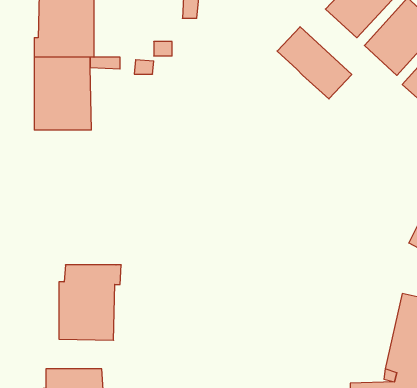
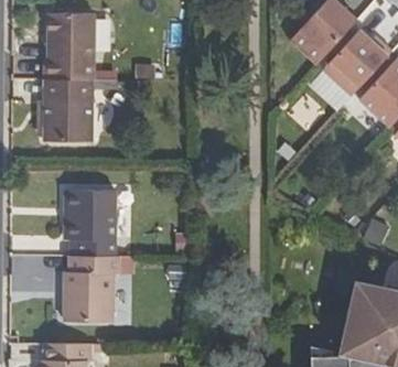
building: [277,27,352,99] -> none
building: none -> [64,190,114,257]

